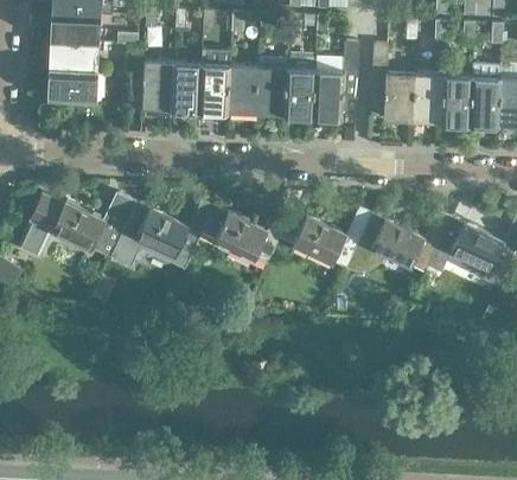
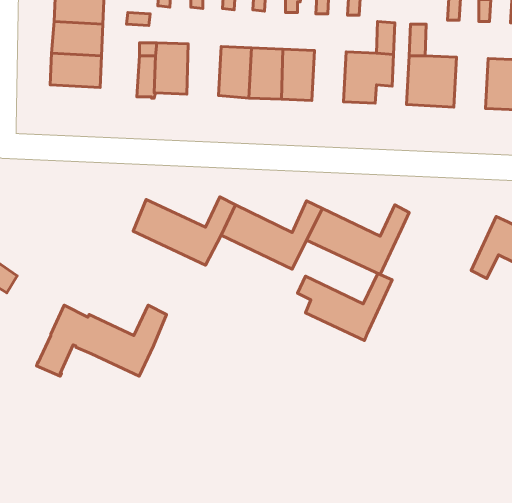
building: [171,65,202,111] -> none
building: [283,71,314,117] -> none
building: [411,77,442,123] -> none
building: [17,197,134,261] -> [36,305,167,376]
building: [364,215,449,275] -> [298,273,392,341]

